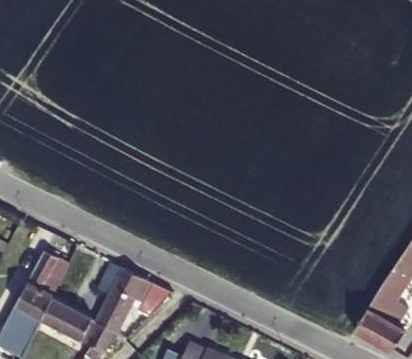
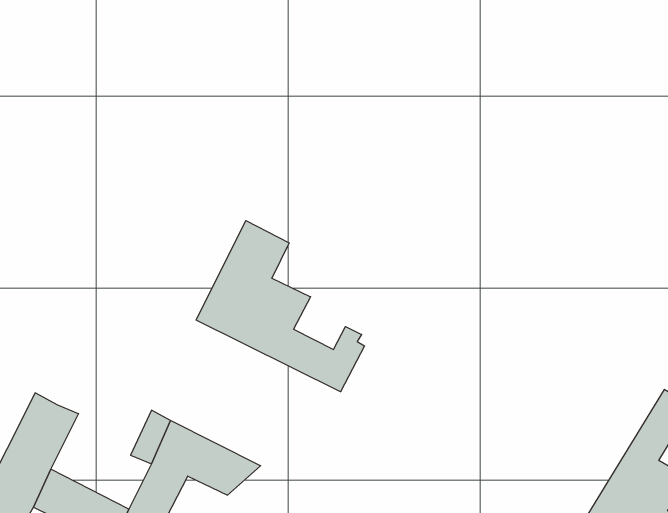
building: none -> [196,221,365,392]

